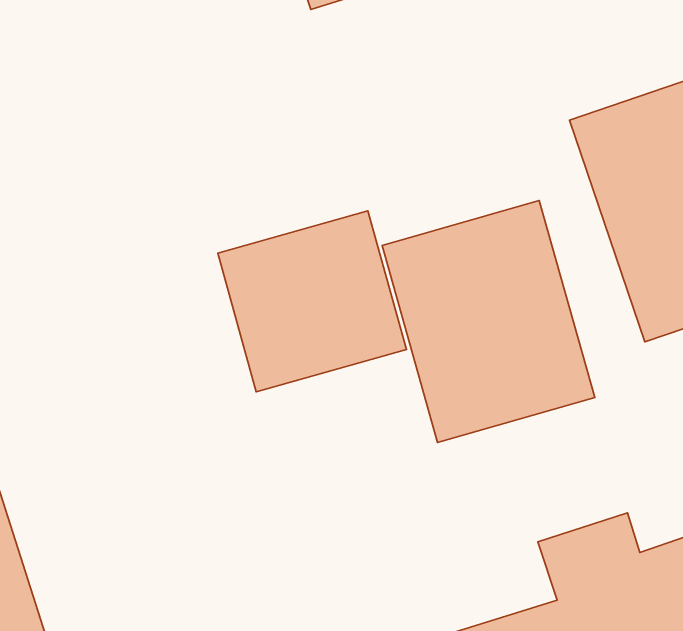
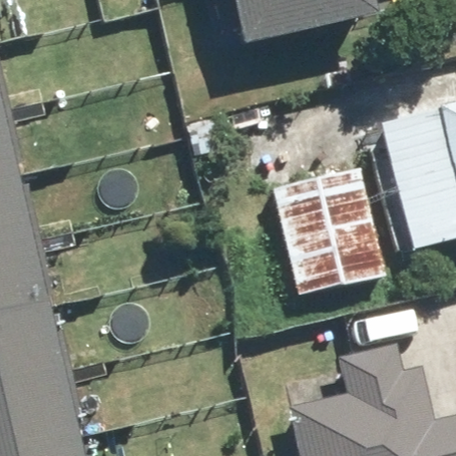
building: [218,211,406,392] -> none

